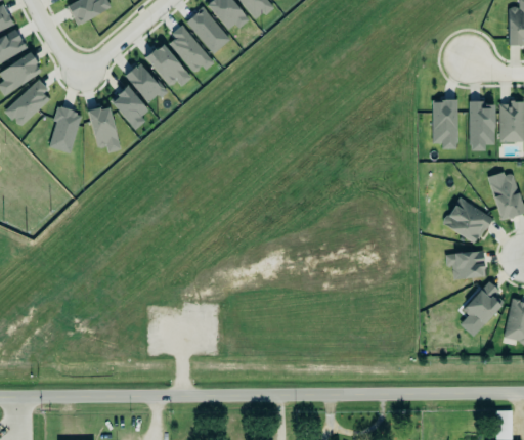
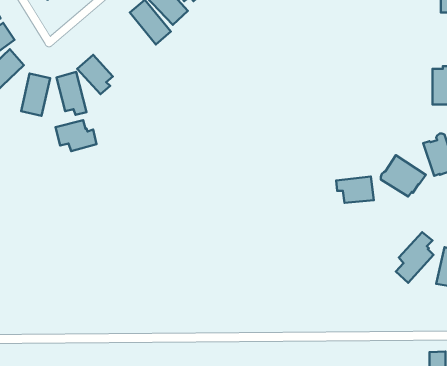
building: [145,41,191,87] -> none
building: [126,62,165,104] -> none
building: [431,98,456,147] -> none
building: [468,98,494,148] -> none
building: none -> [55,120,96,151]
building: [445,251,486,279] -> [336,177,374,203]

